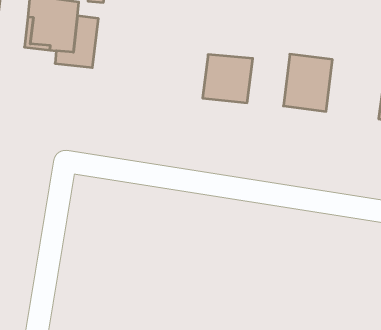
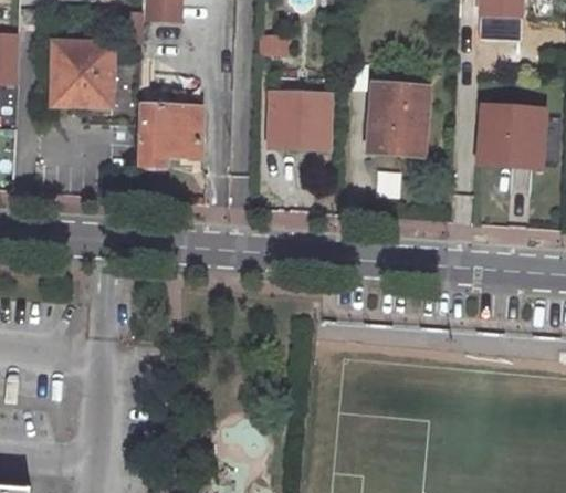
building: none -> [142,86,205,165]

